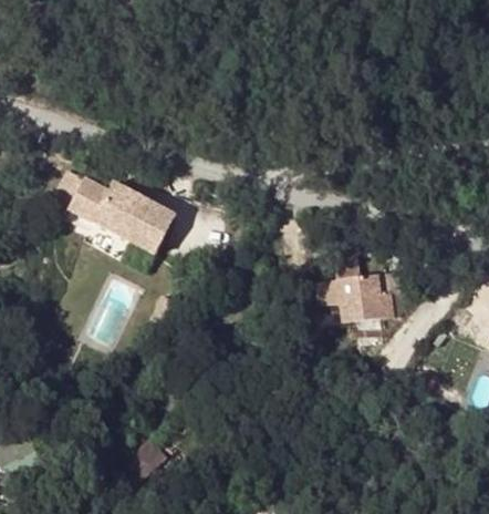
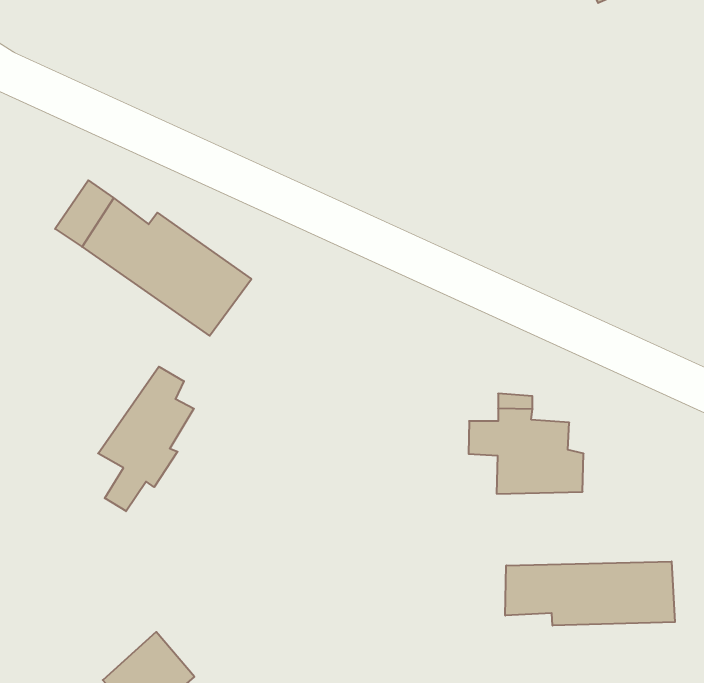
building: none -> [98,367,194,511]
building: none -> [505,561,675,626]

